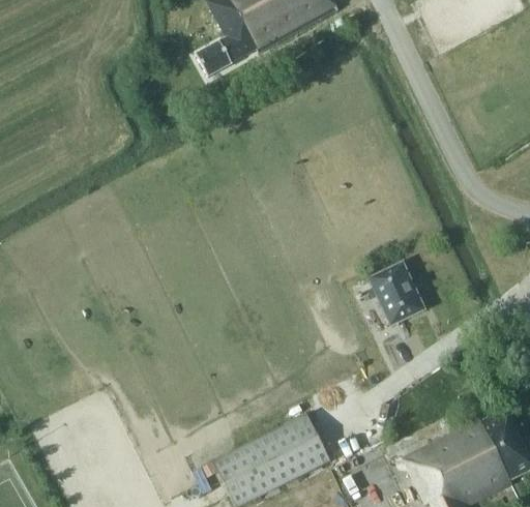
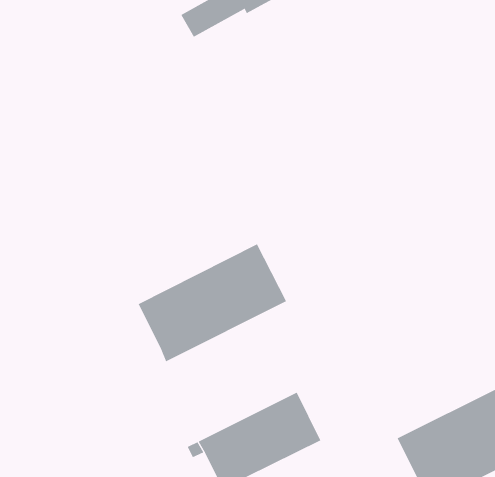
building: [366,259,426,326] -> none
building: none -> [138,244,287,362]

